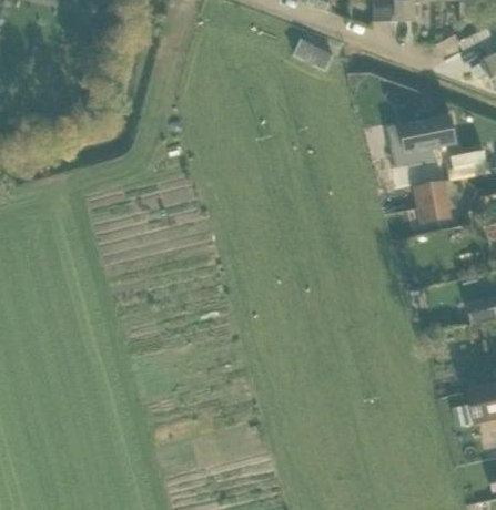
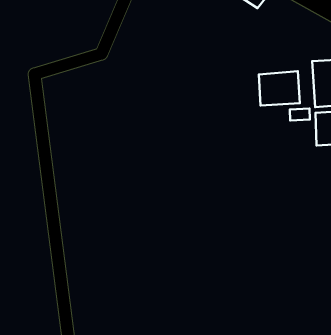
building: none -> [259,71,300,105]

